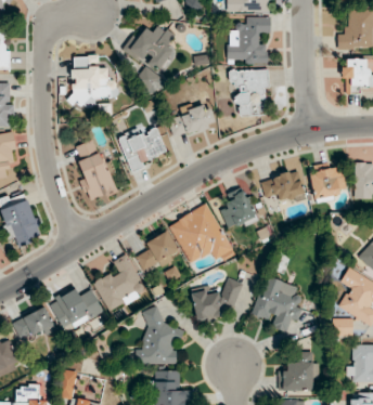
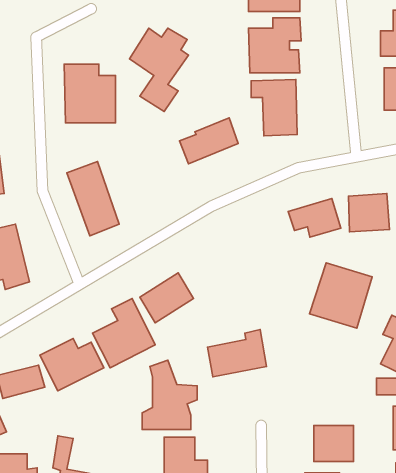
building: [119,122,172,169] -> none
building: [220,187,258,231] -> none
building: [169,204,232,263] -> none
building: [252,275,305,330] -> [309,263,372,328]

